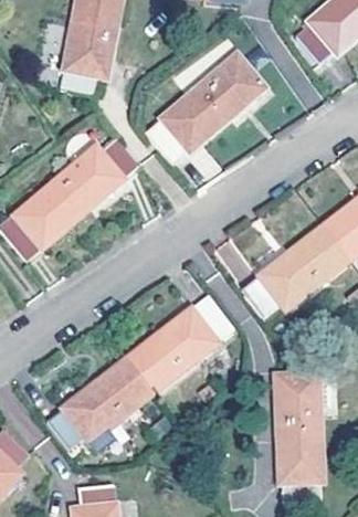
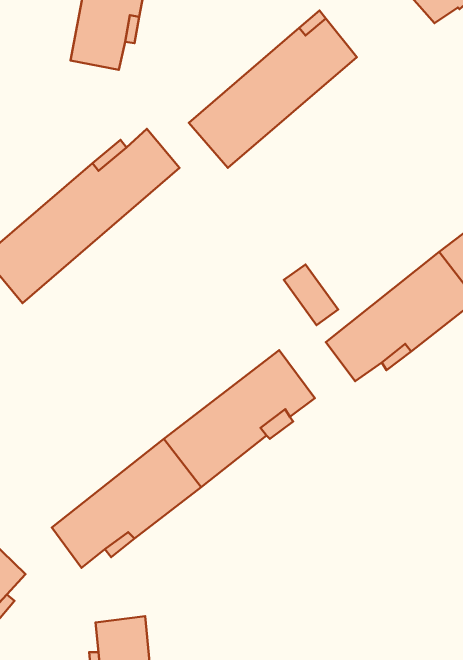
building: [276,373,323,502] -> none

